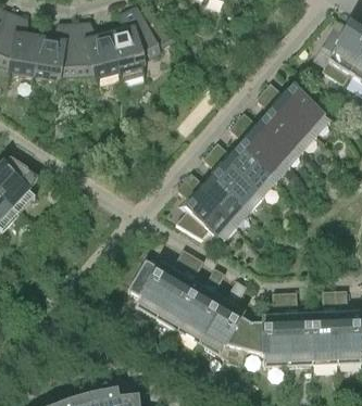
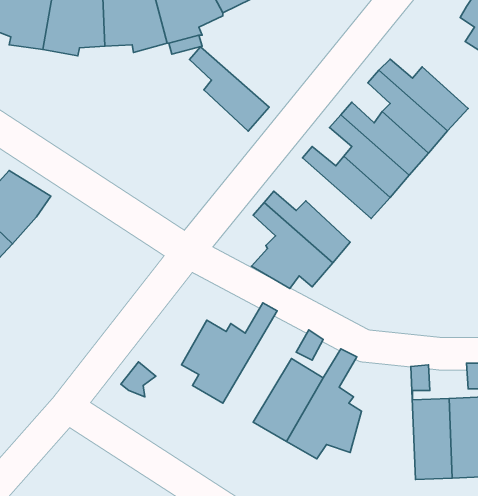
building: [202,149,257,206] -> [189,47,269,131]
building: [155,253,203,329] -> none
building: [242,291,287,369] -> none

